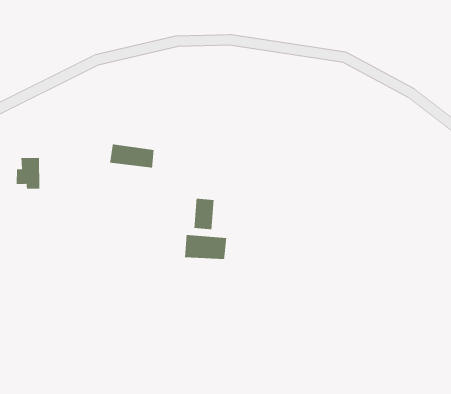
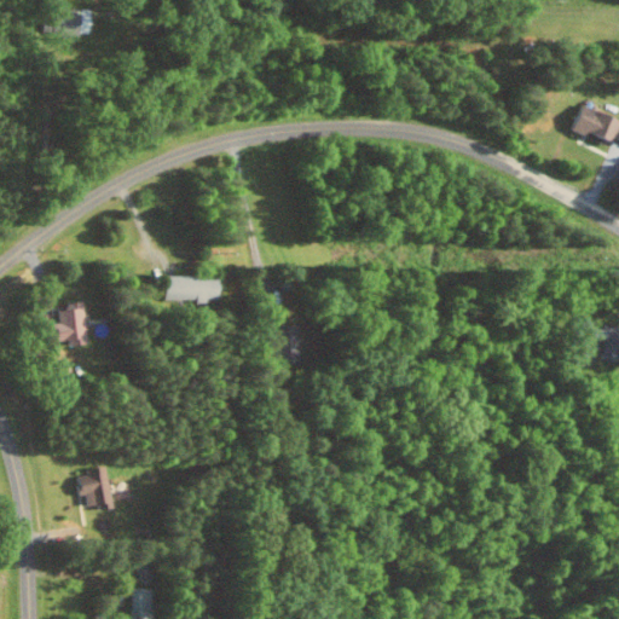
building: [184,234,227,260] -> none
building: none -> [81,469,112,510]

